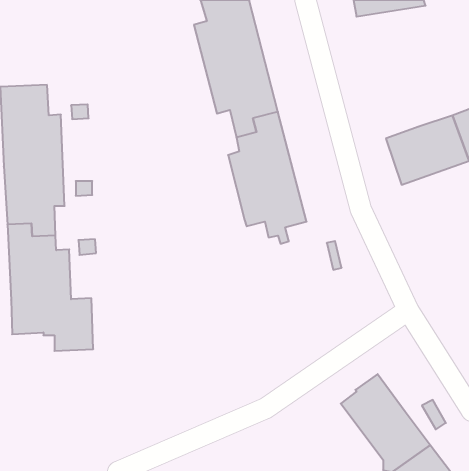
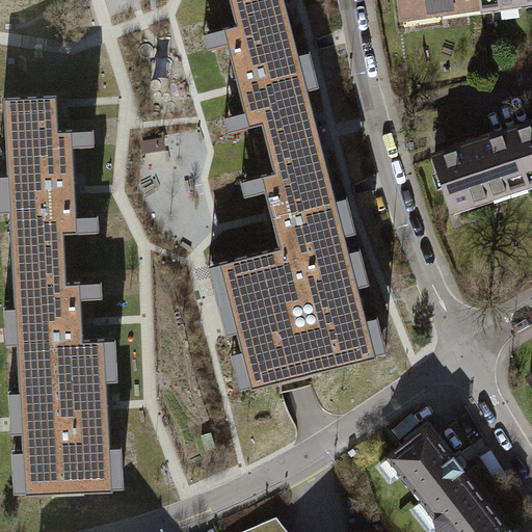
building: none -> [218,248,375,389]
building: none -> [17,375,113,496]

